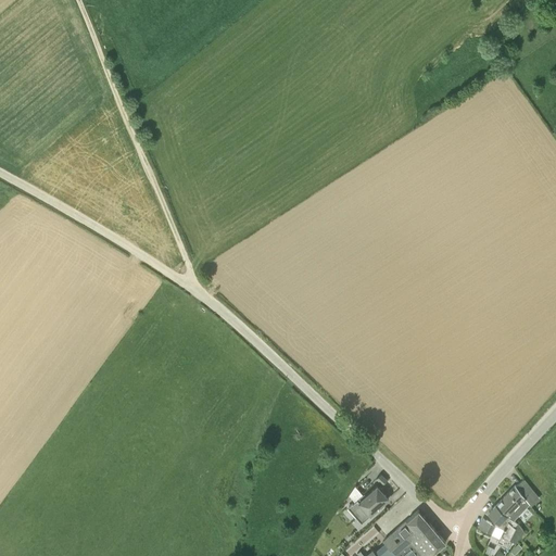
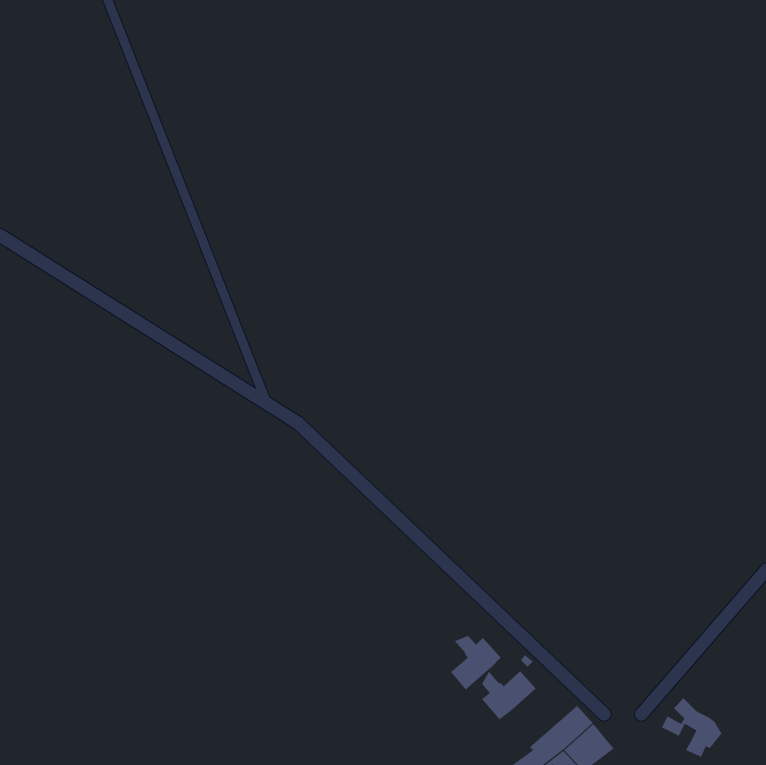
building: none -> [450,635,501,691]
building: [495,485,529,520] -> none

